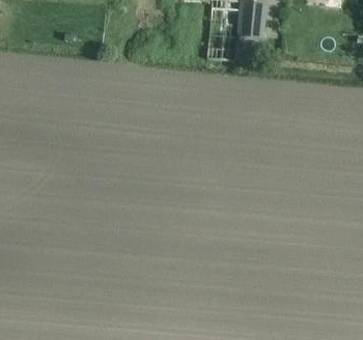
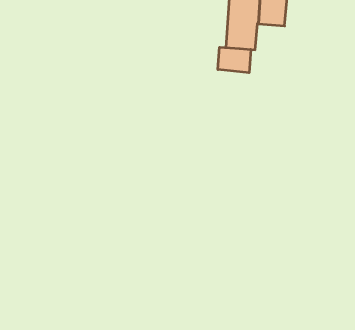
building: none -> [218,47,251,73]

